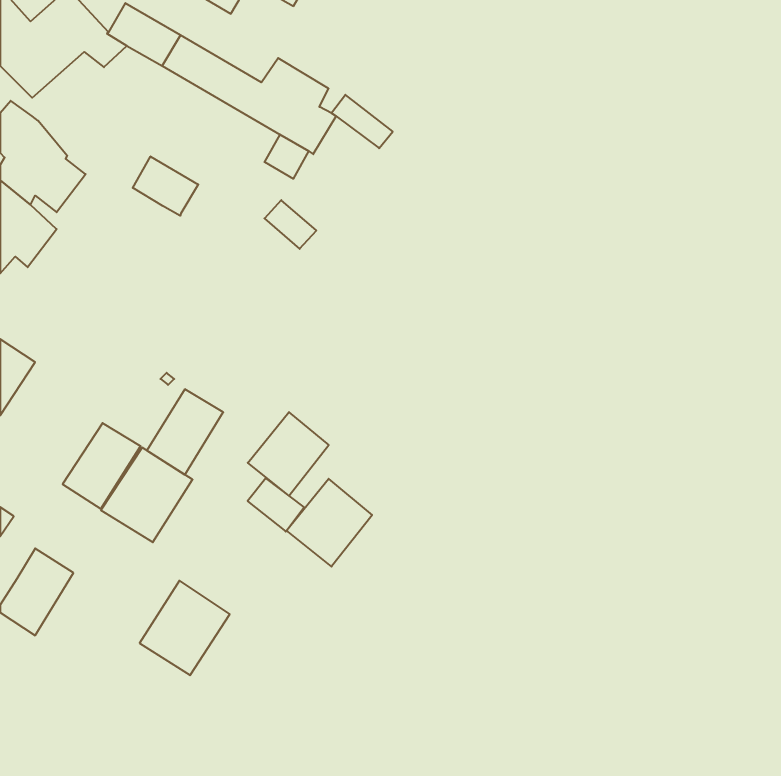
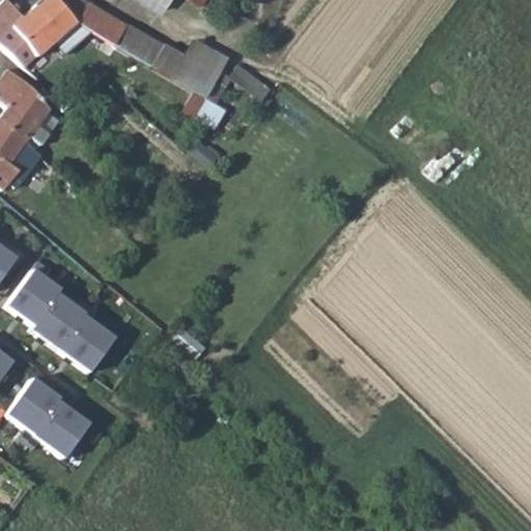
building: [133,156,198,216] -> none
building: [147,389,223,475] -> [20,264,72,323]
building: [248,412,329,496] -> none
building: [287,479,372,567] -> none
building: [140,581,230,675] -> [25,389,86,453]

